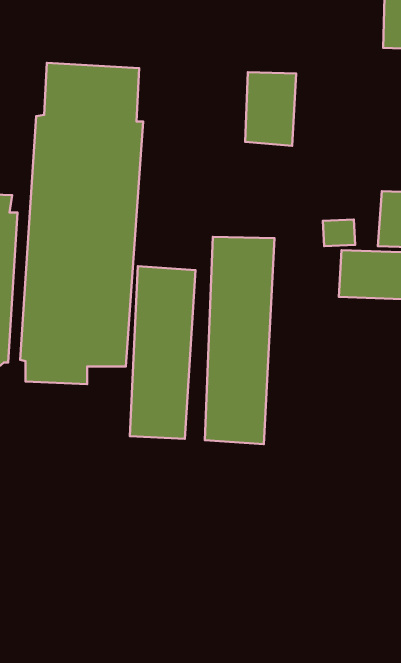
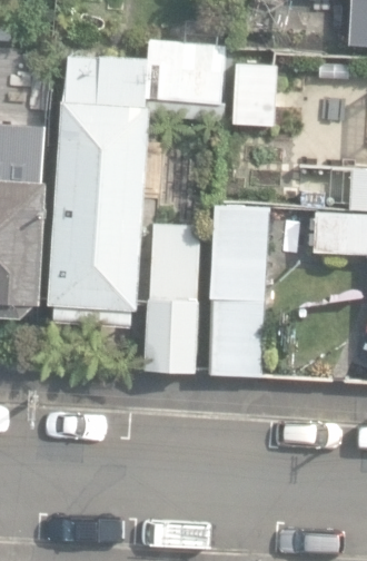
building: none -> [150,37,236,124]

